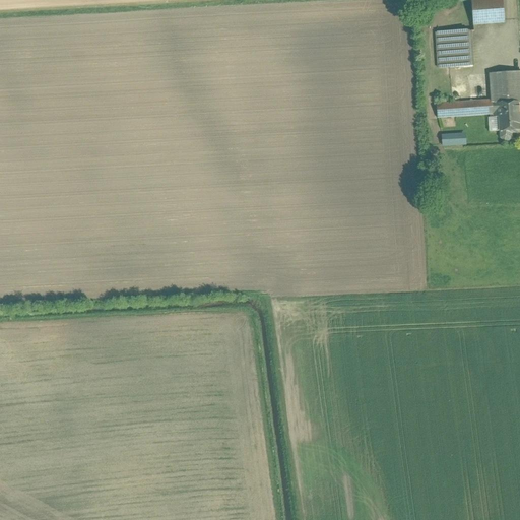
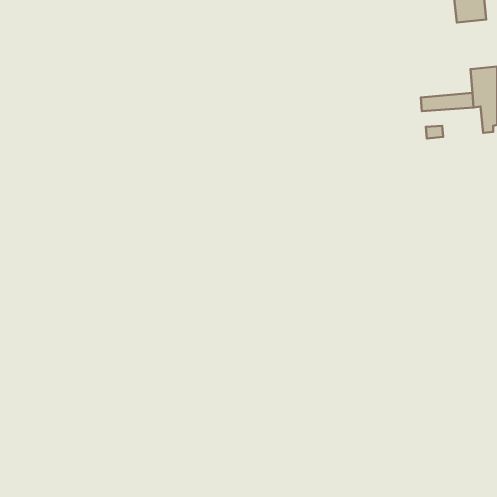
building: [436,26,473,66] -> none

